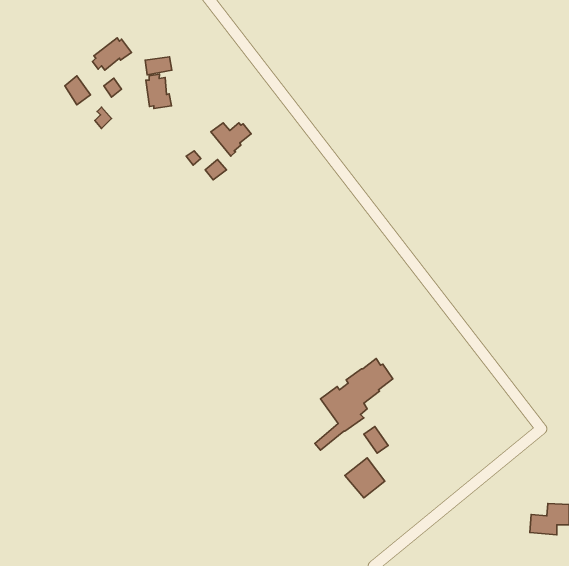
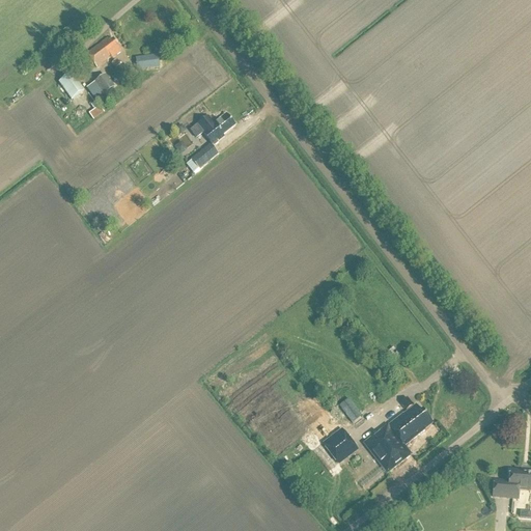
building: [146,74,172,109] -> none
building: [315,359,393,450] -> [359,403,431,488]

